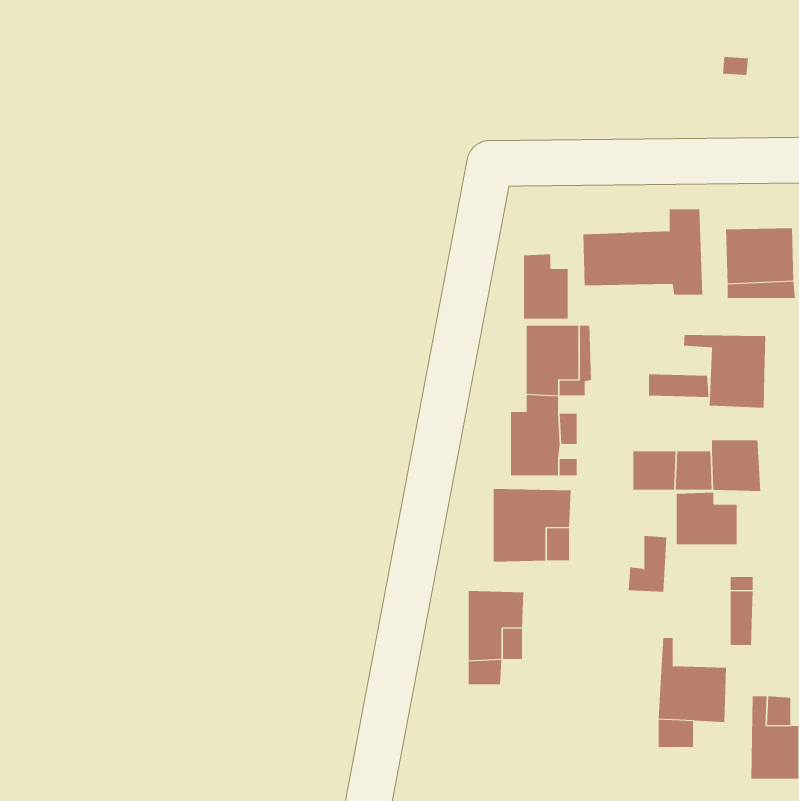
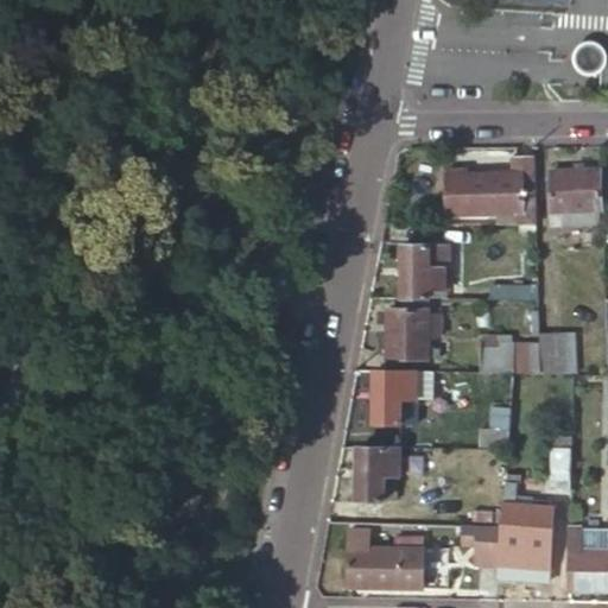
building: [523,253,568,319] -> none
building: [683,334,766,408] -> none
building: [676,492,737,545] -> none
building: none -> [460,524,499,564]
building: none -> [347,530,423,589]

